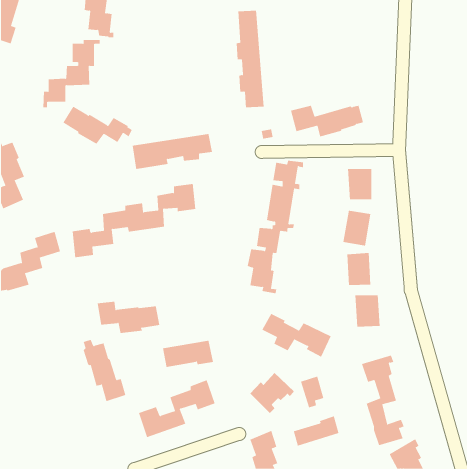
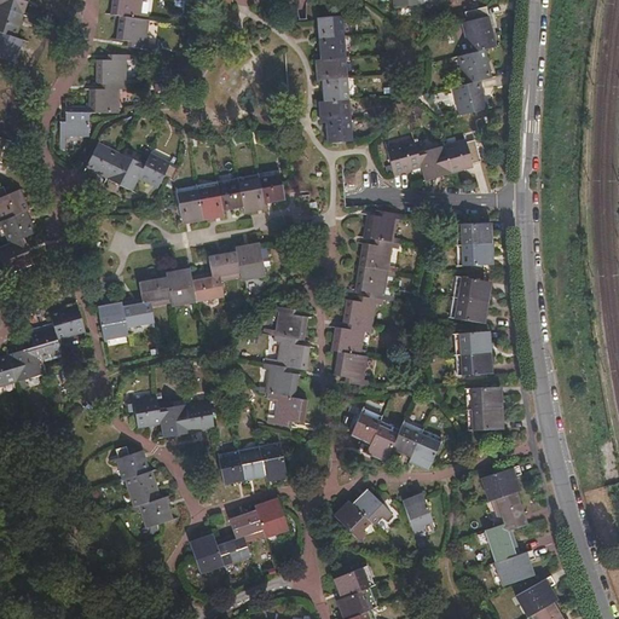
building: none -> [455,5,499,114]
building: none -> [261,305,307,426]
building: [293,416,339,447] -> none

